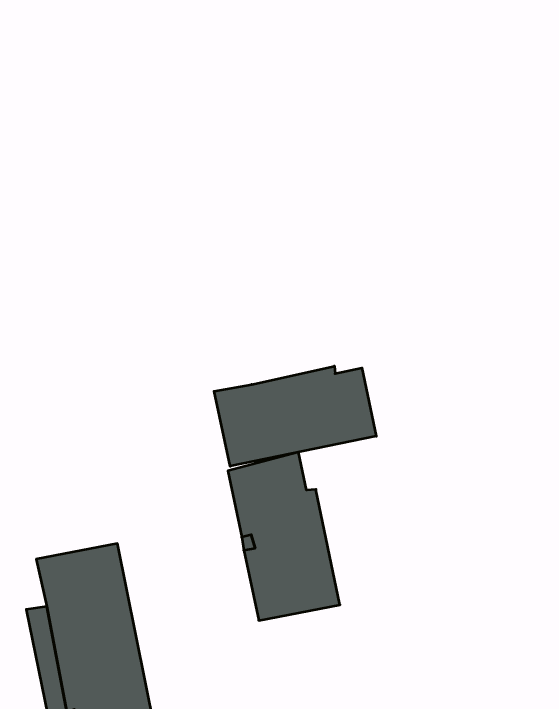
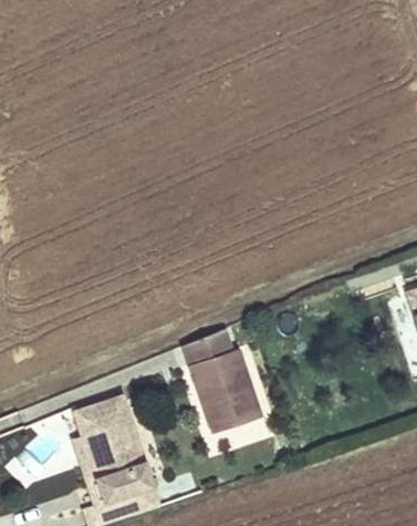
building: [214,366,376,466] -> none

